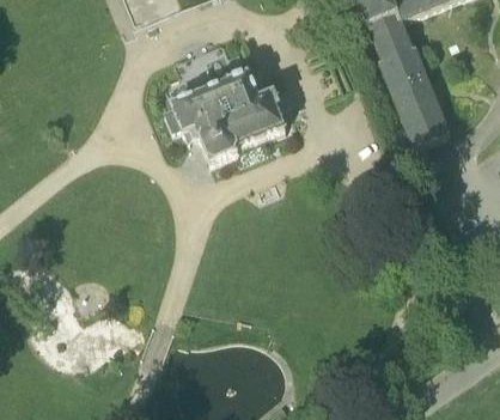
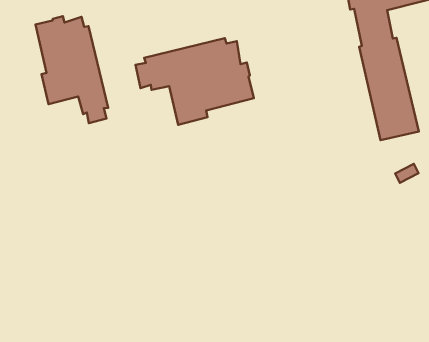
building: none -> [36,16,108,123]

